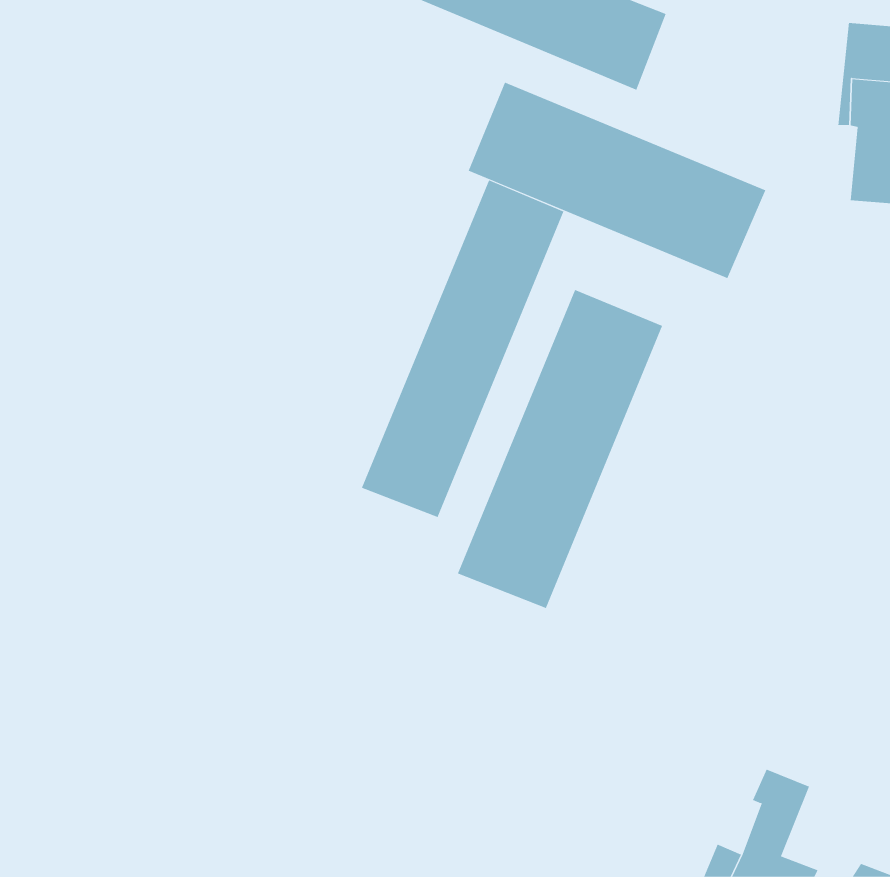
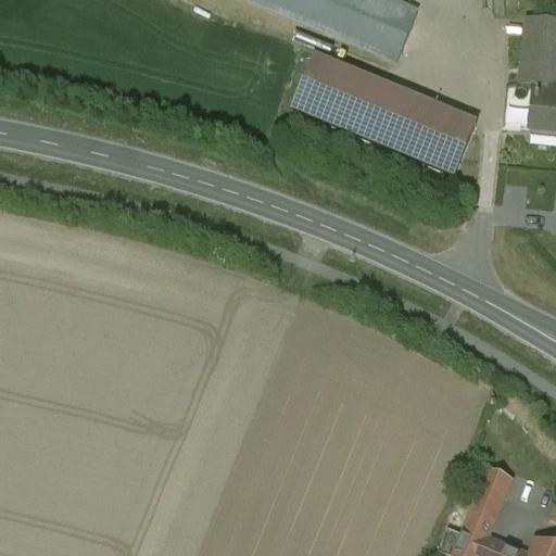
building: [361,180,564,518] -> none
building: [457,289,663,609] -> none

